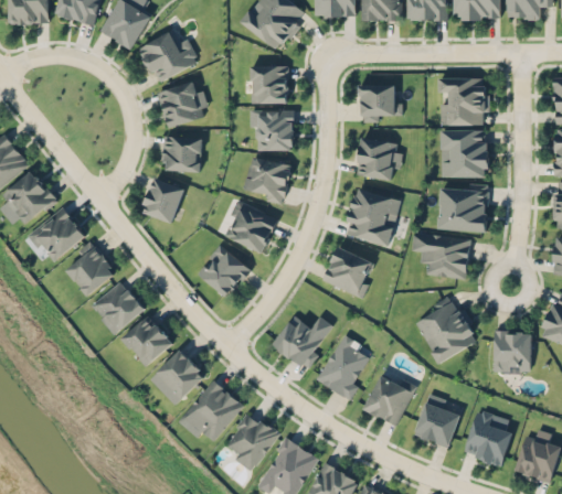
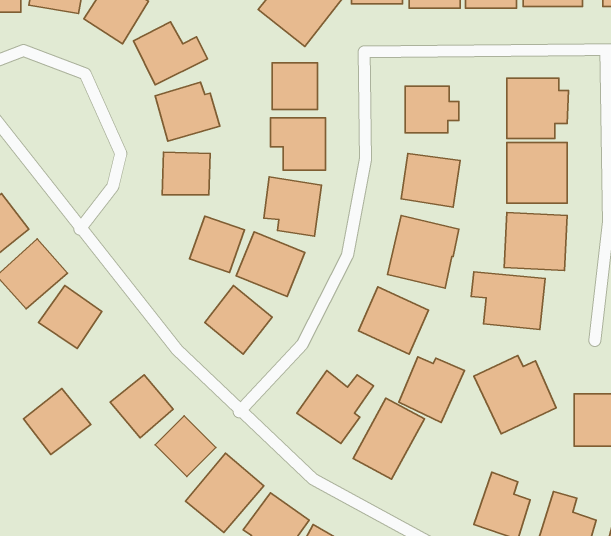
building: [140,178,184,223] -> [190,216,244,273]
building: [91,281,145,334] -> [23,389,91,455]
building: [363,374,416,427] -> [399,357,465,423]

